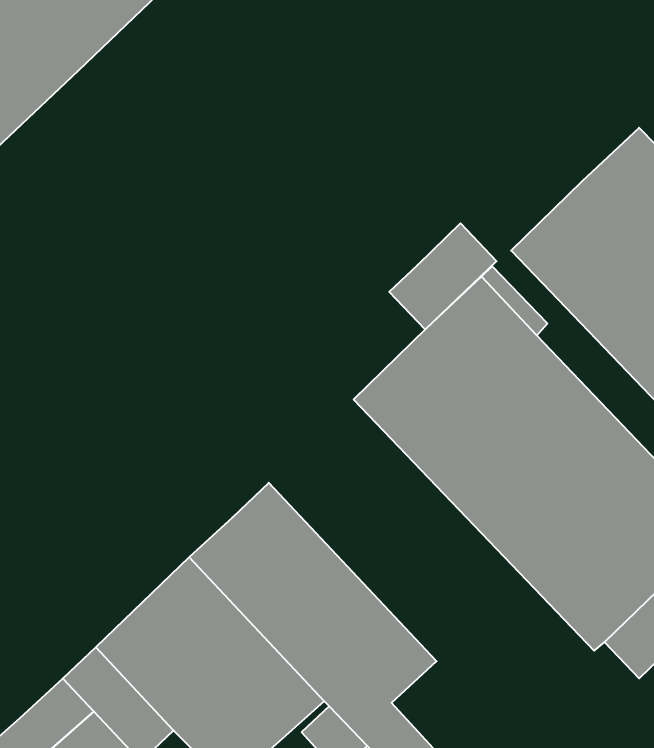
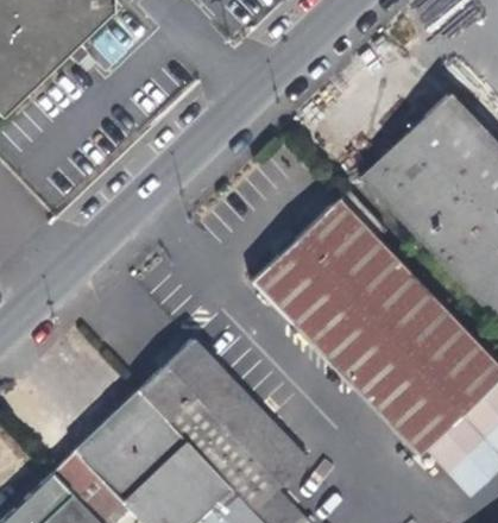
building: [389,223,497,330] -> none

